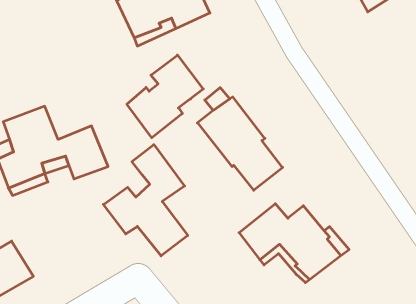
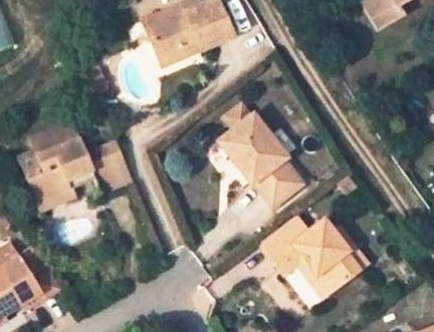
building: [127,55,203,138] -> none
building: [103,145,188,256] -> none

